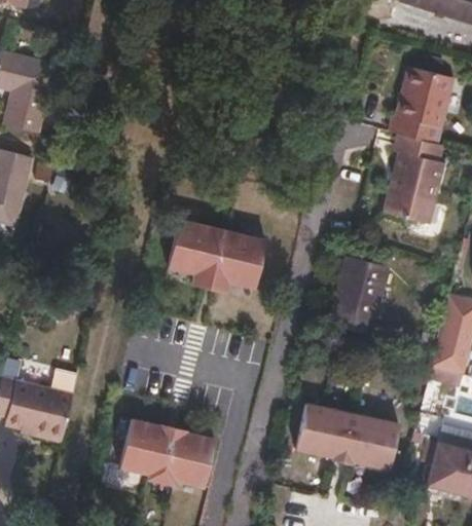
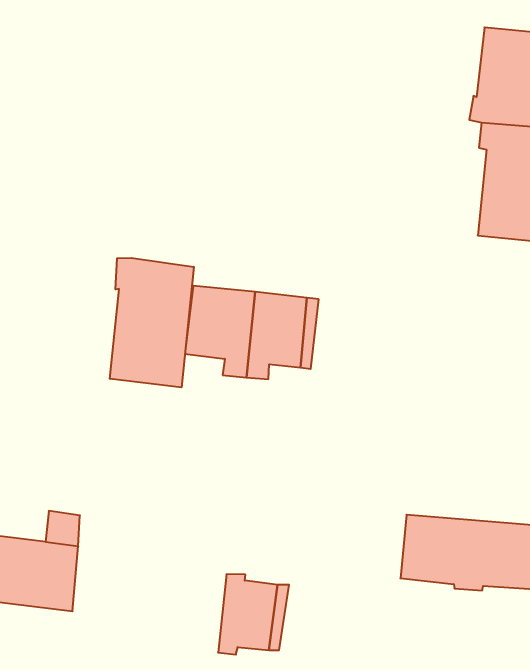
building: none -> [110,258,194,387]
building: [331,257,387,334] -> none
building: [119,422,175,483] -> none

